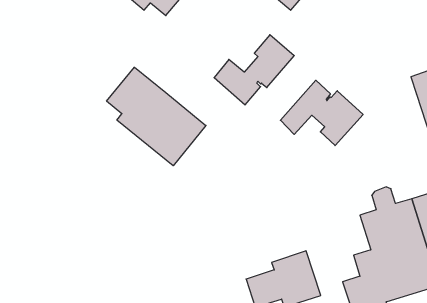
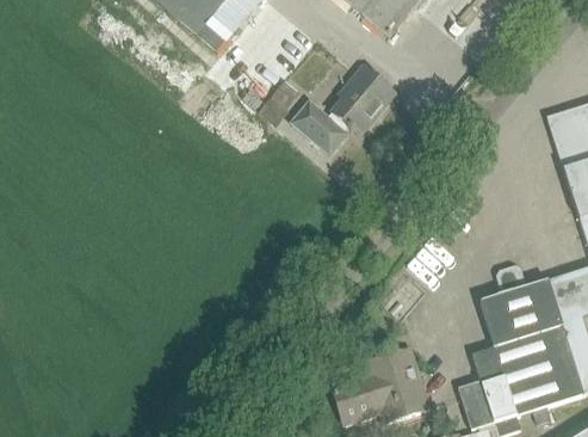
building: none -> [259,80,301,124]
building: [107,67,206,166] -> none
building: [280,80,363,146] -> none

